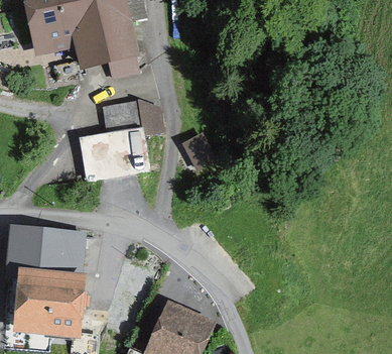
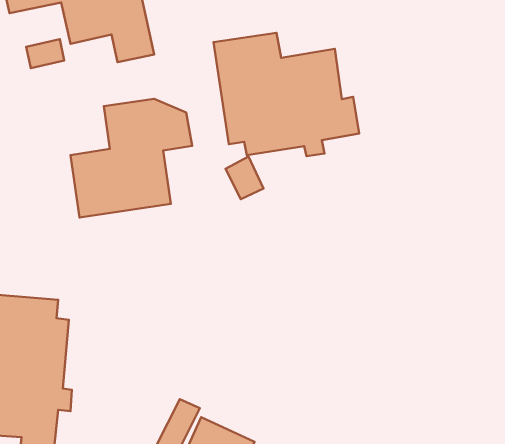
building: none -> [214,33,359,156]

